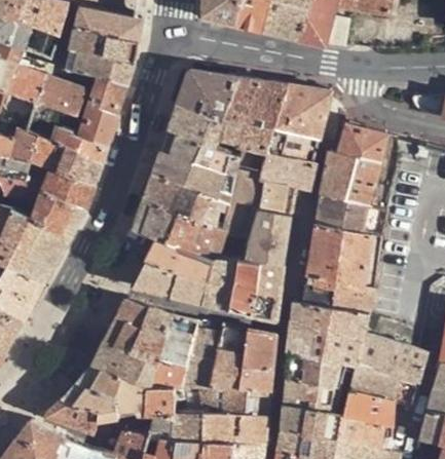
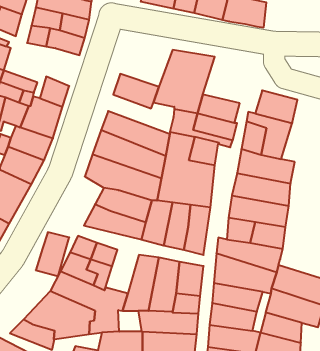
building: [175,70,237,120] -> none
building: [36,74,86,115] -> none
building: [86,74,126,119] -> none
building: [273,84,330,140] -> none
building: [160,129,238,177] -> none
building: [157,314,197,367] -> [36,232,69,276]

